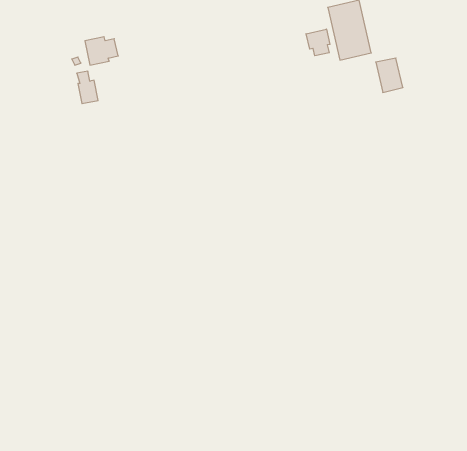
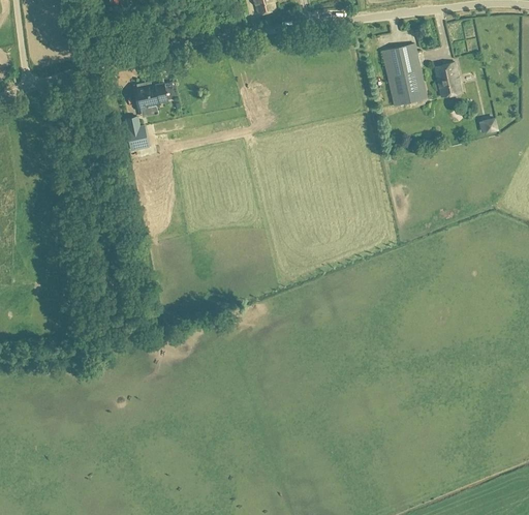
building: [306,29,330,56] -> none
building: [376,58,403,92] -> [434,62,462,97]

